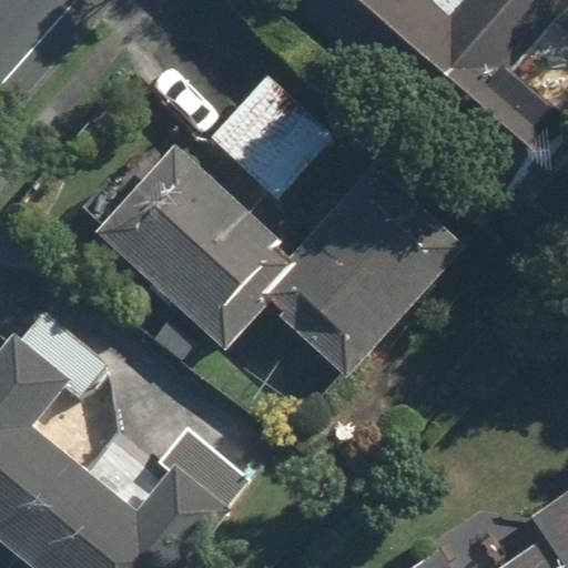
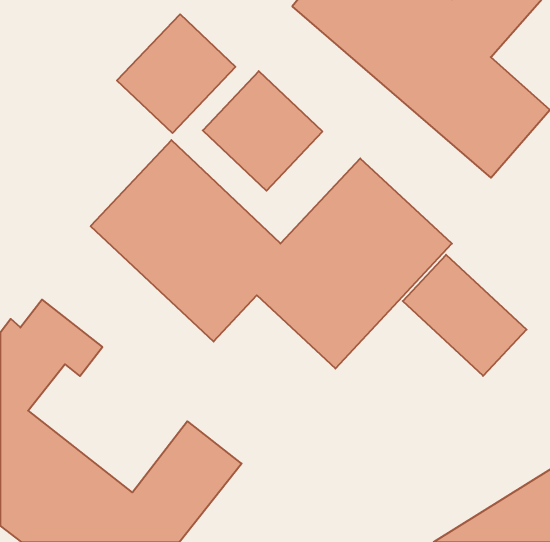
building: none -> [117,14,235,133]
building: none -> [403,255,527,376]

